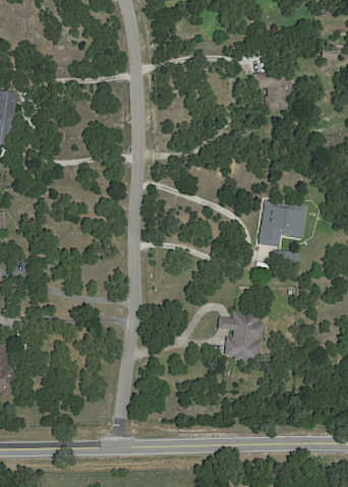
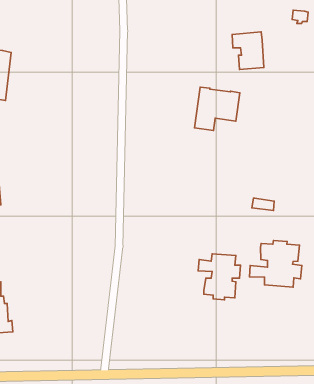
building: [259,200,308,247] -> [195,87,240,130]
building: none -> [249,240,302,287]

